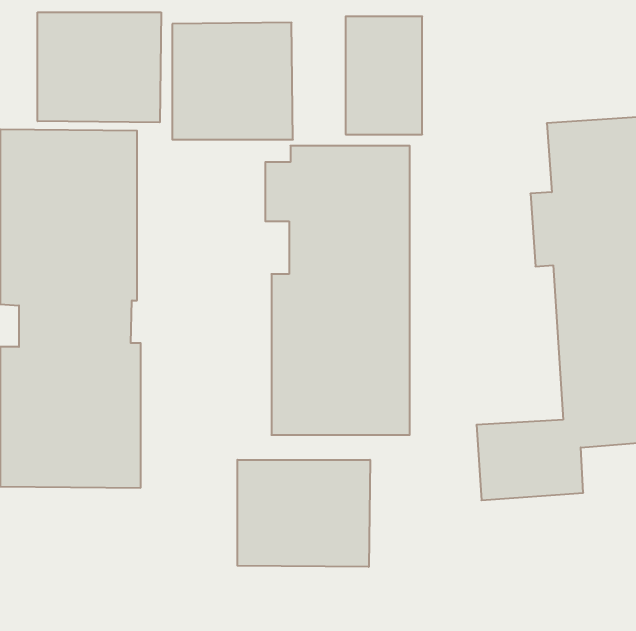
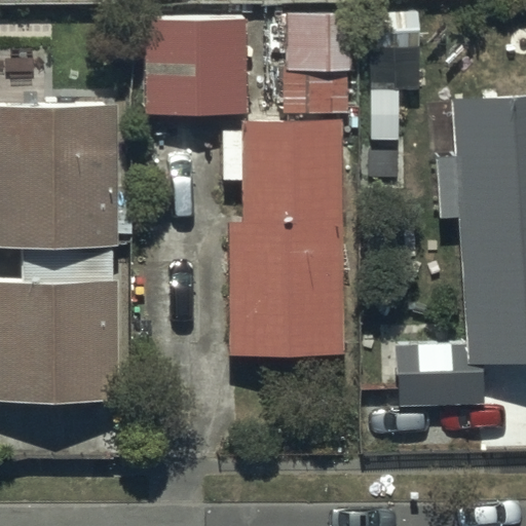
building: [38,12,161,122] -> none
building: [237,460,370,567] -> none

